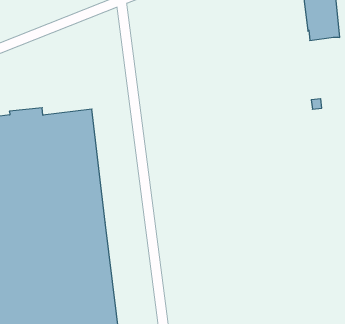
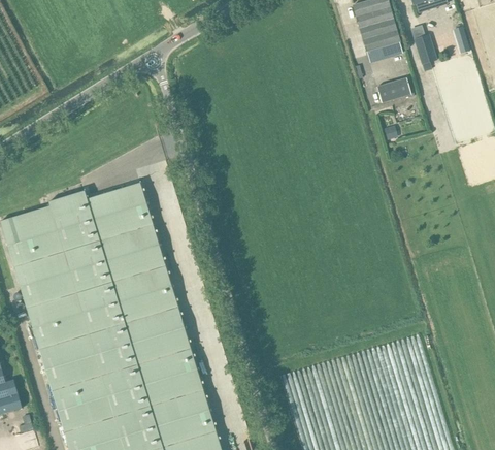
building: none -> [373,77,409,104]

